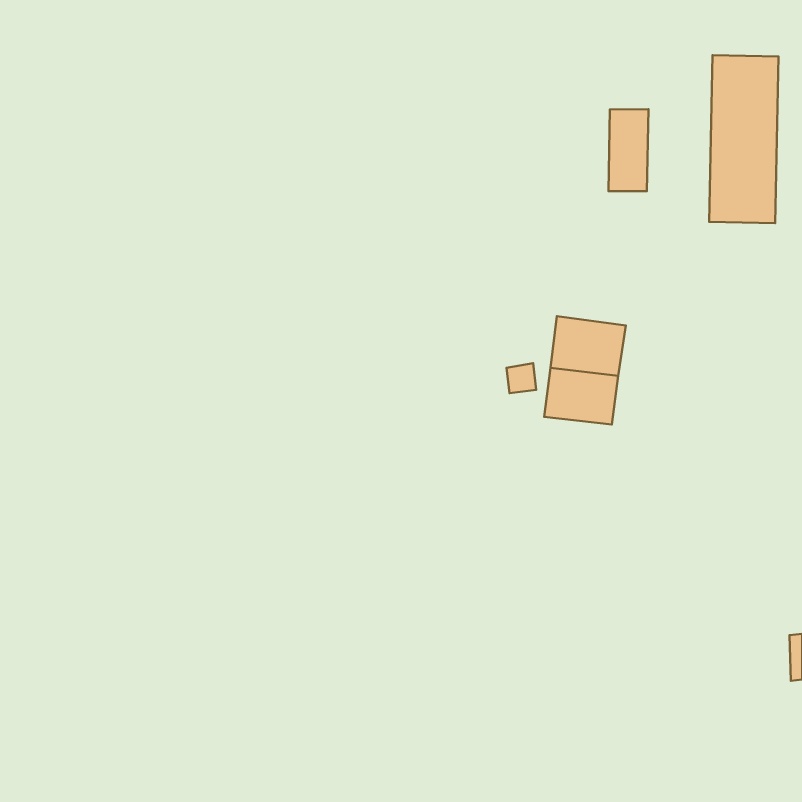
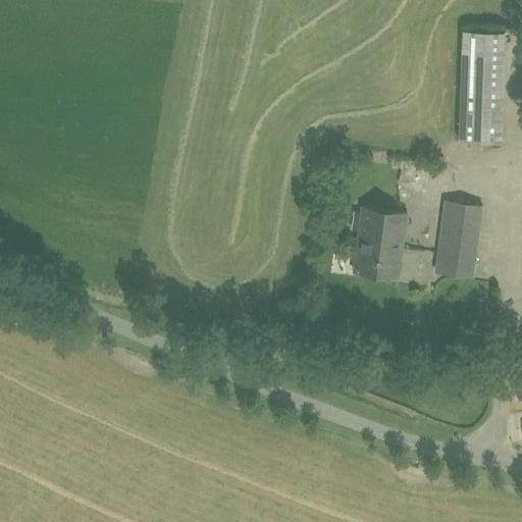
building: [608,109,648,191] -> none
building: none -> [433,200,482,277]

